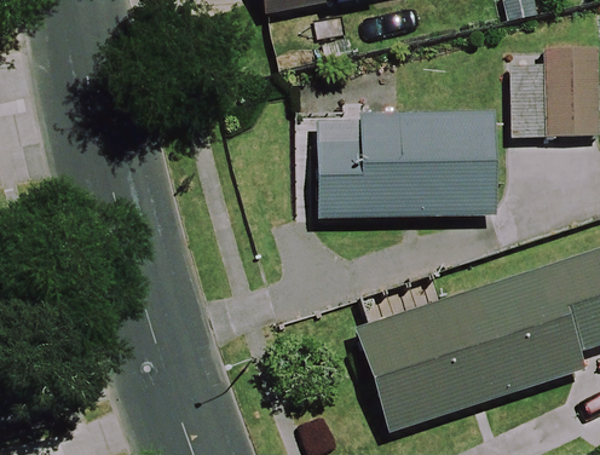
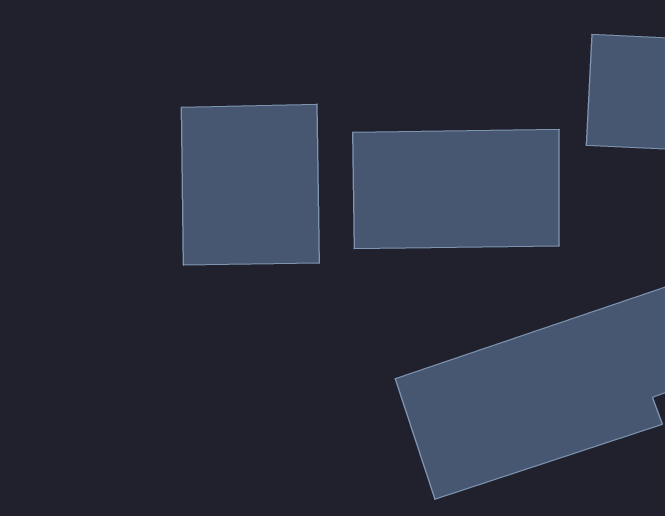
building: none -> [181,104,319,265]

